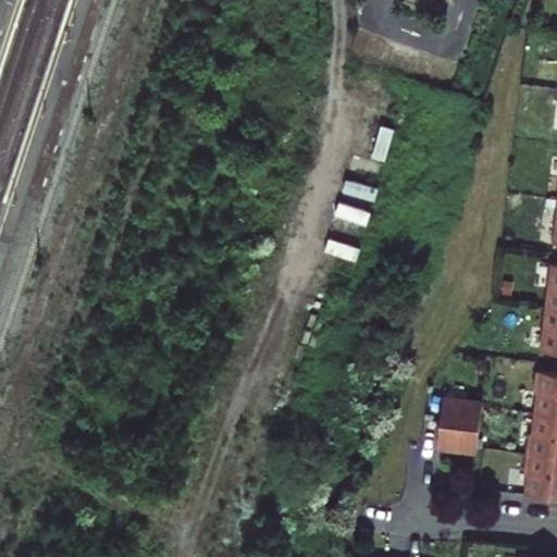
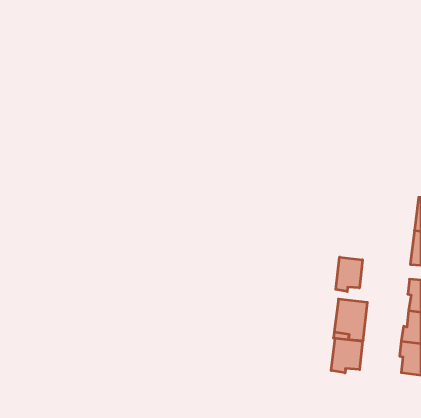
building: none -> [336,257,362,292]
building: none -> [331,338,362,373]

